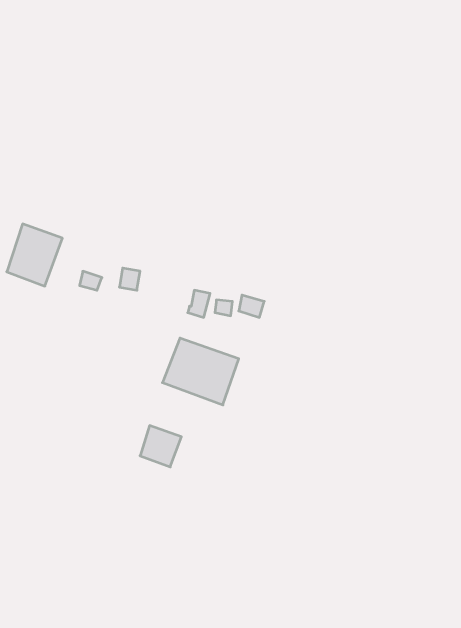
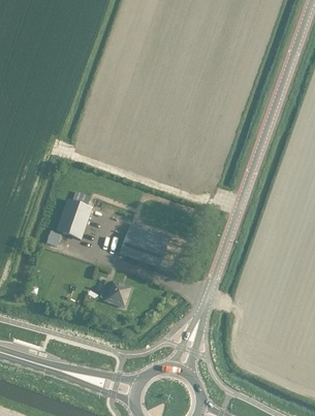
building: [7,224,62,286] -> [56,198,92,238]

